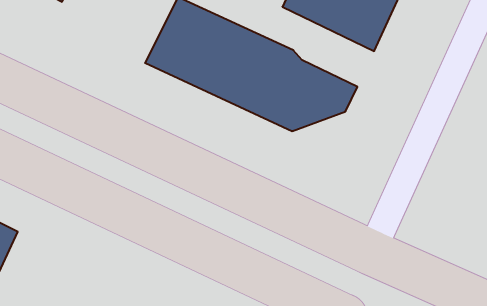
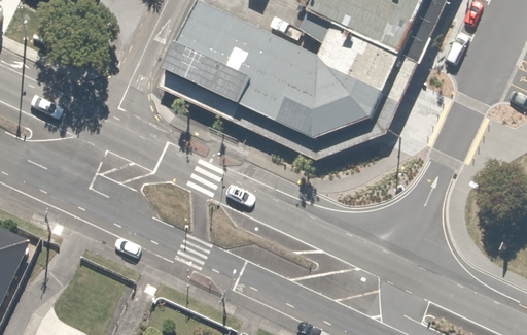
building: none -> [297,8,401,92]

